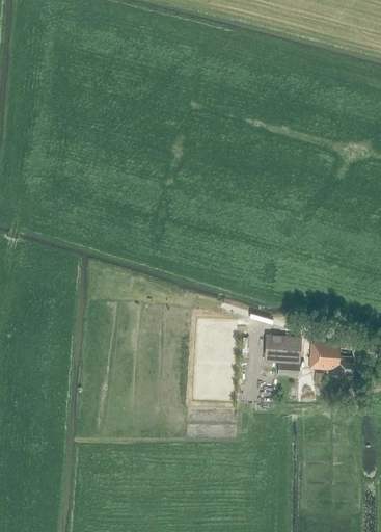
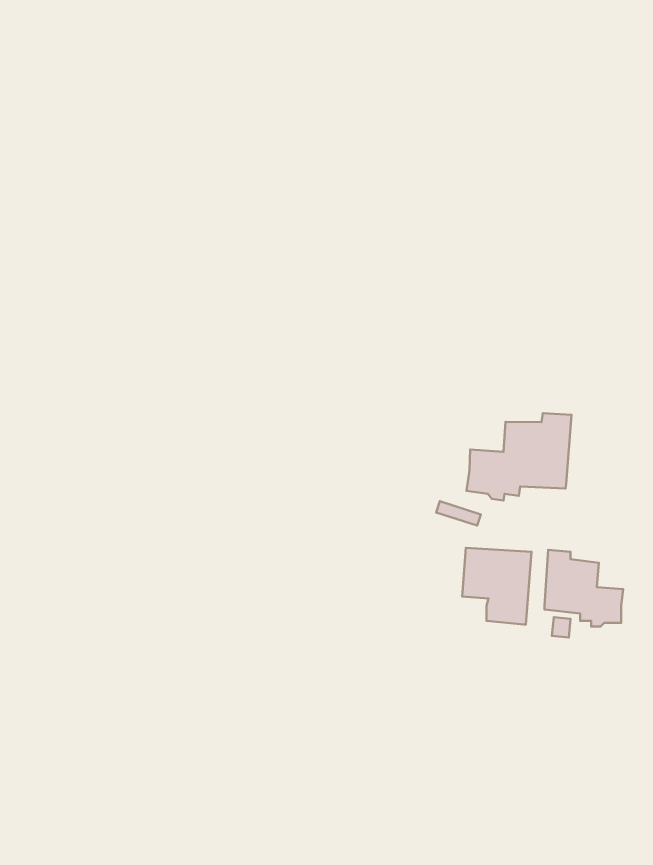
building: none -> [467,413,572,501]

